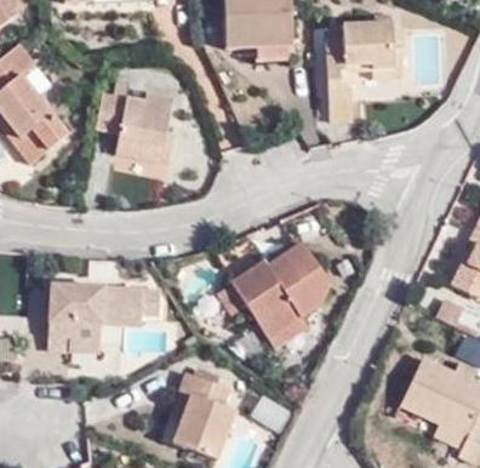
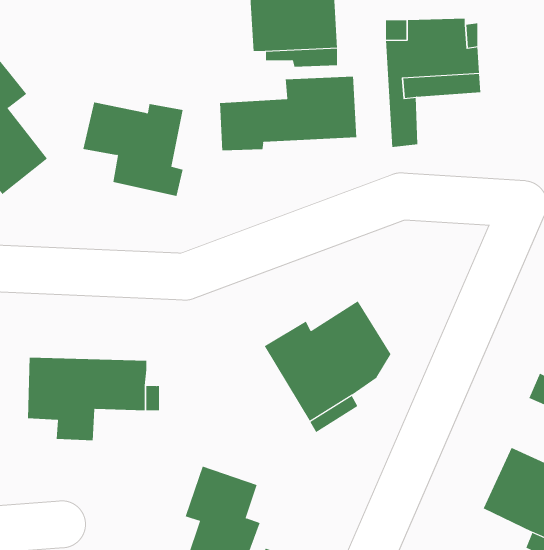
building: none -> [219,76,357,151]

